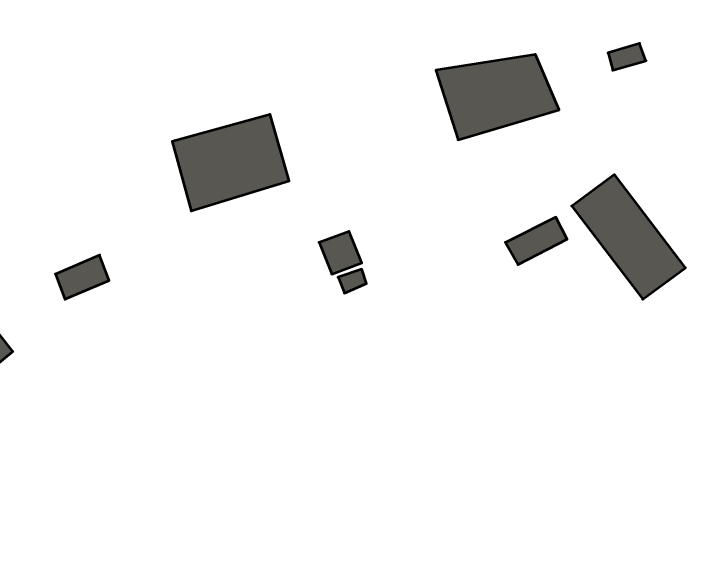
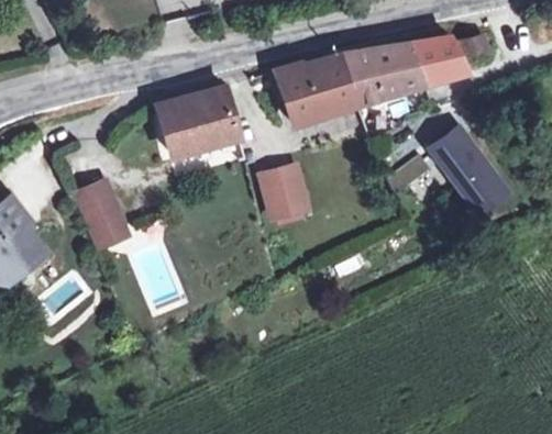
building: none -> [409,40,466,84]
building: none -> [275,56,355,125]
building: none -> [81,202,126,251]

